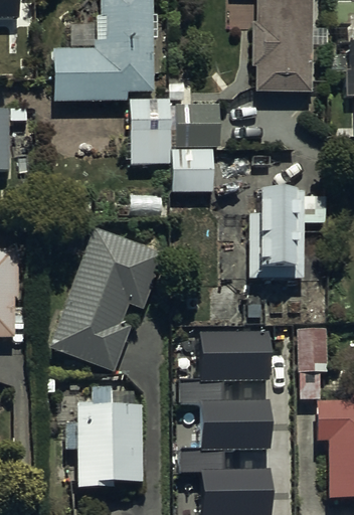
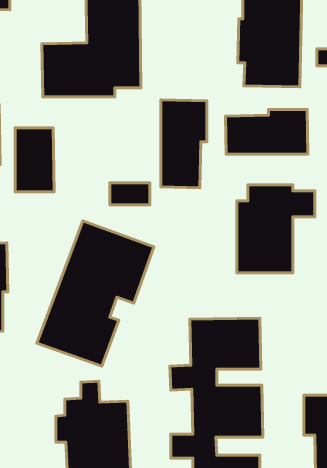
building: [131,98,170,162] -> [15,128,54,192]
building: none -> [225,110,308,154]
building: [298,330,326,396] -> none

